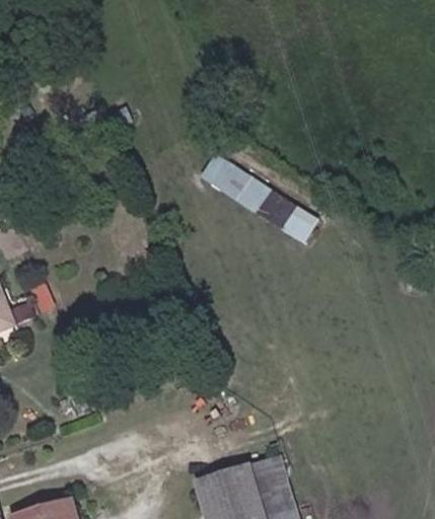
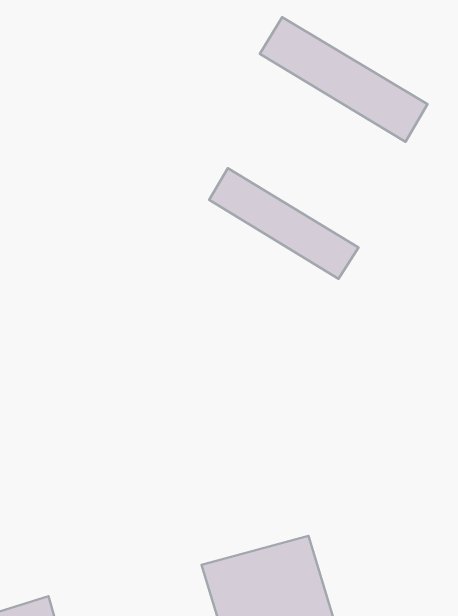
building: none -> [260,17,427,142]

